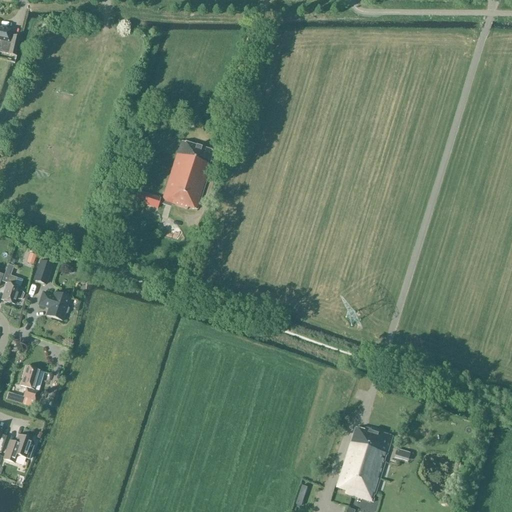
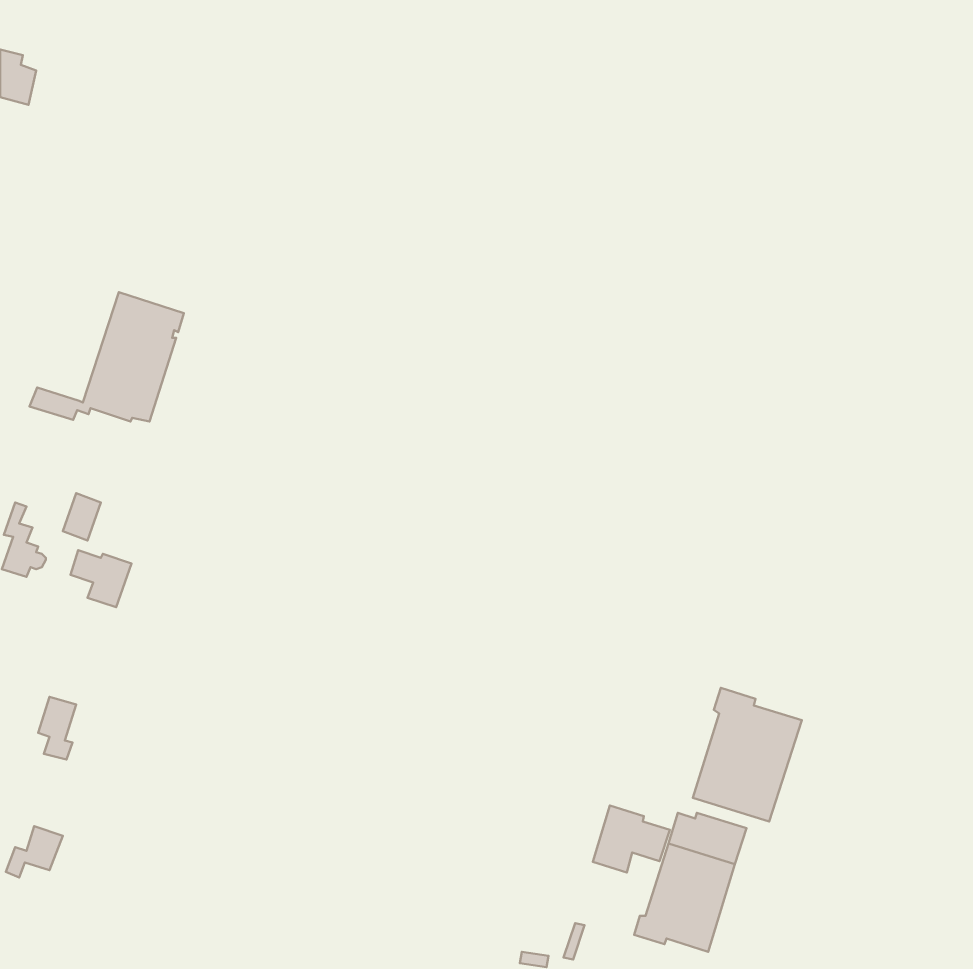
building: [134,140,215,208] -> [29,292,184,422]
building: none -> [693,688,802,822]
building: none -> [593,805,670,872]

